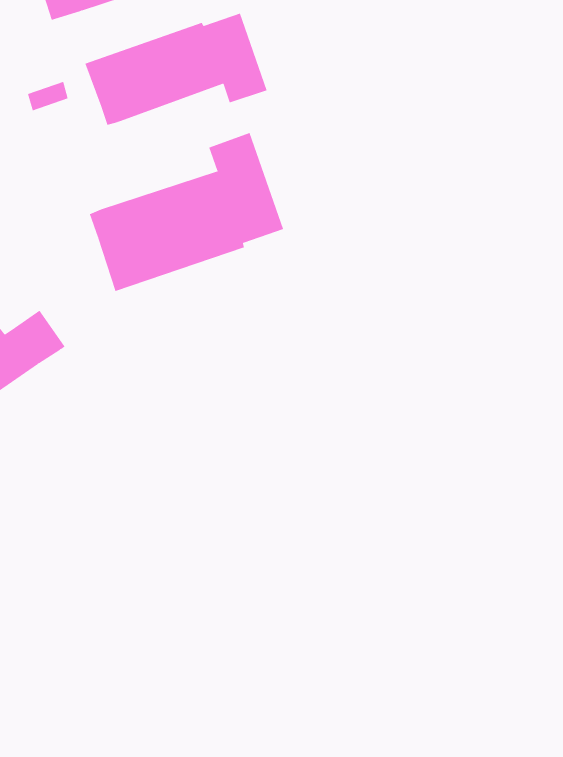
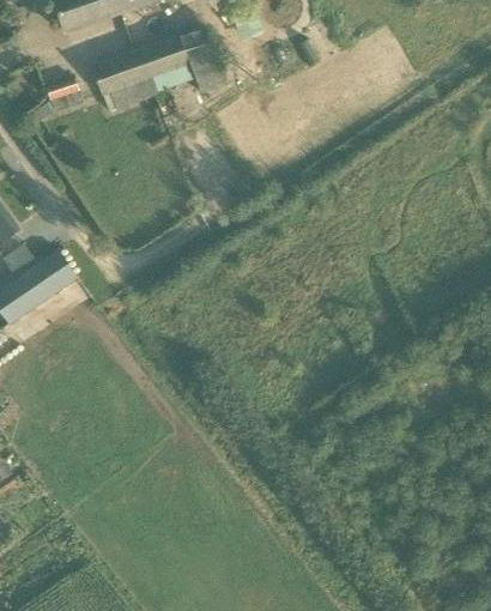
building: [89,132,284,292] -> none

